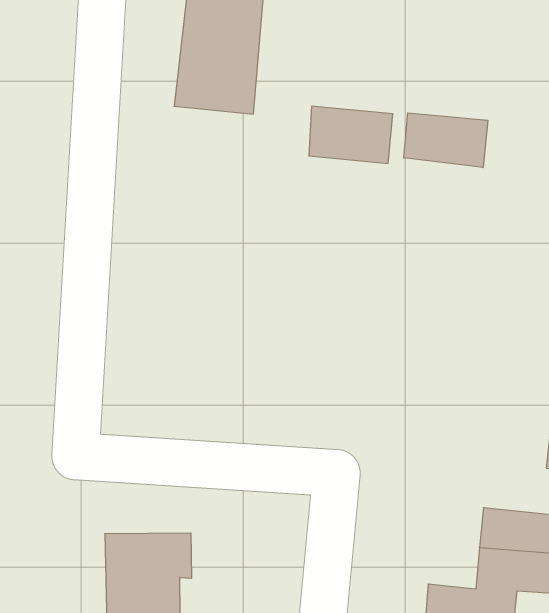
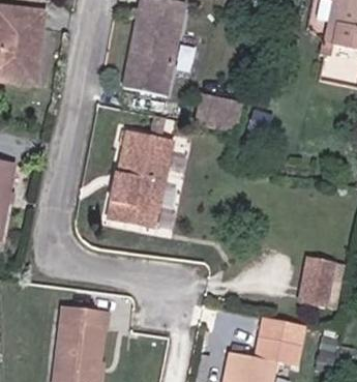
building: [404,113,488,168] -> none
building: none -> [111,126,173,228]

